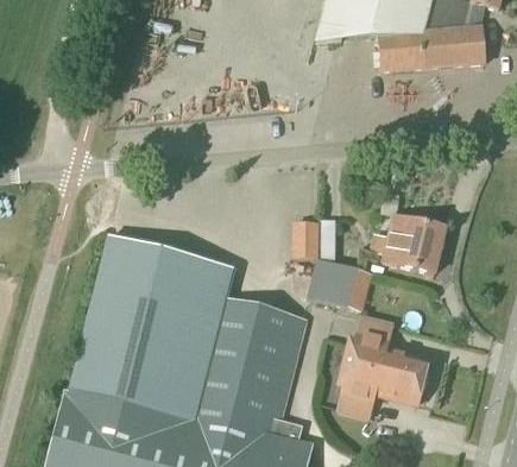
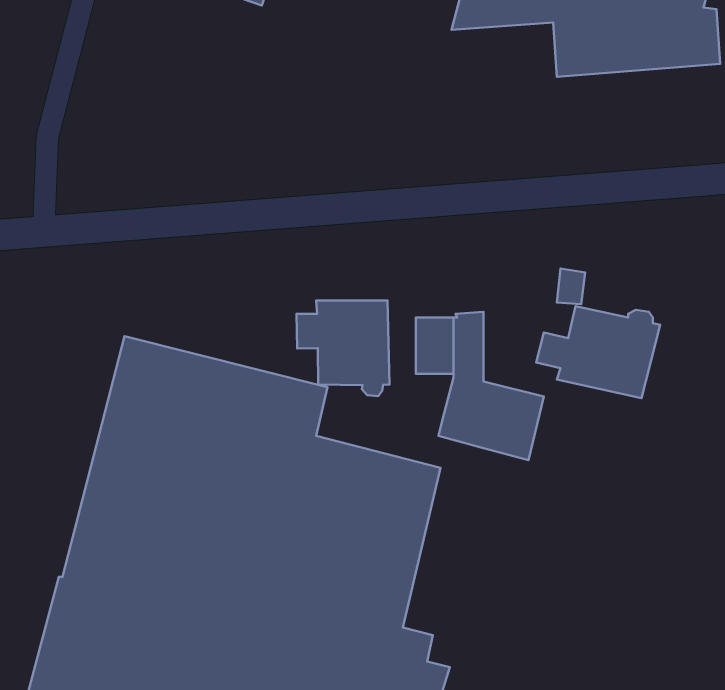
building: none -> [297,301,390,396]
building: [335,314,430,421] -> none

